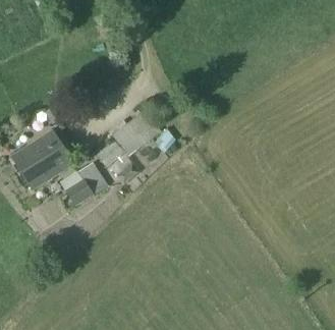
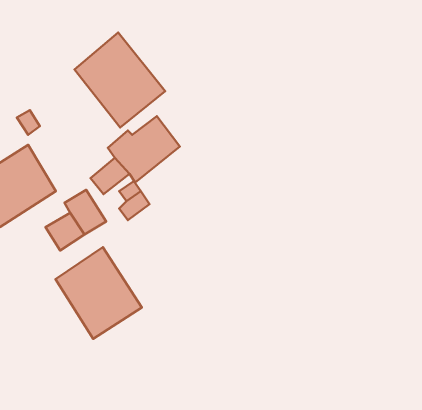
building: none -> [74,33,165,128]
building: none -> [56,247,142,339]

